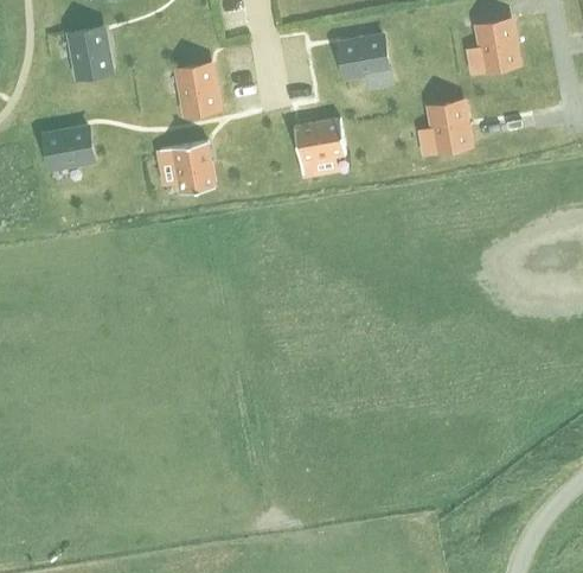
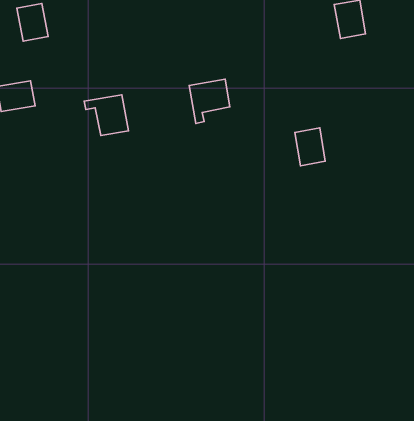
building: [339,36,389,75] -> none
building: [178,63,218,113] -> none
building: [430,101,469,149] -> [295,128,325,166]

